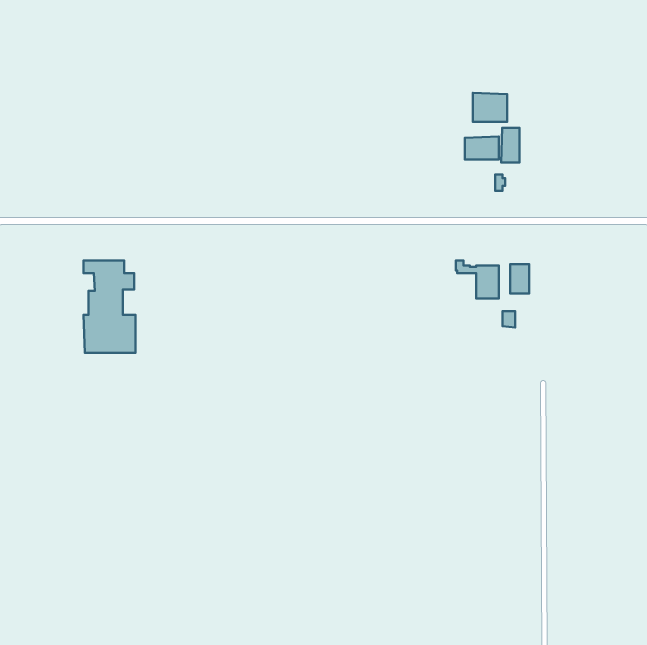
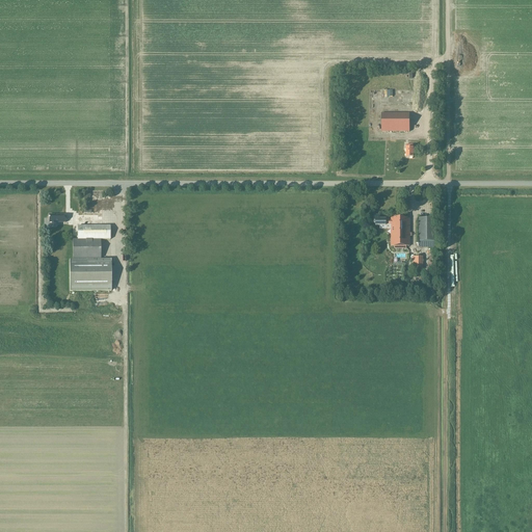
building: [473,93,507,122] -> none
building: [501,128,519,163] -> none

